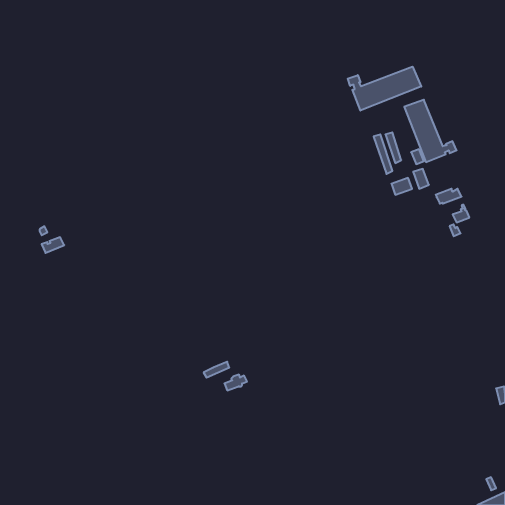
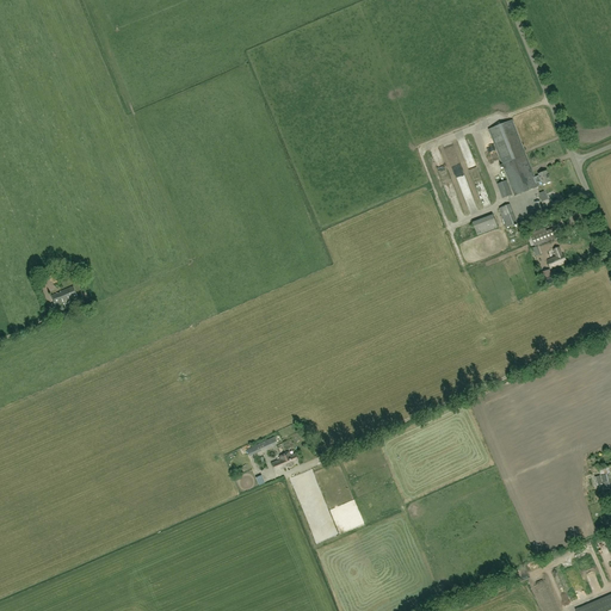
building: [348,67,421,111] -> none

